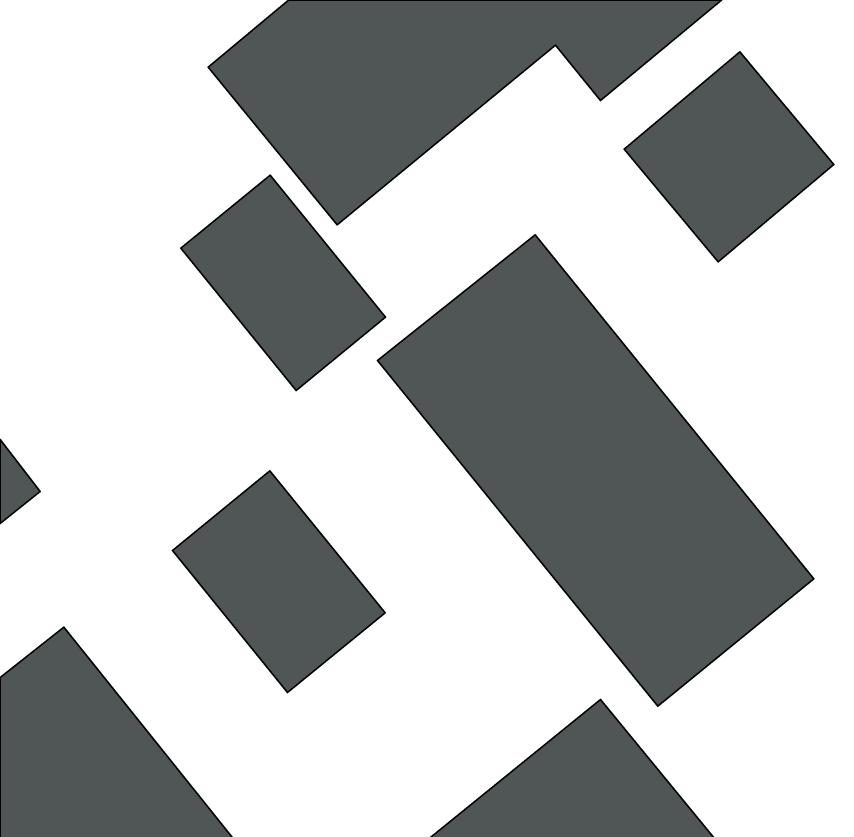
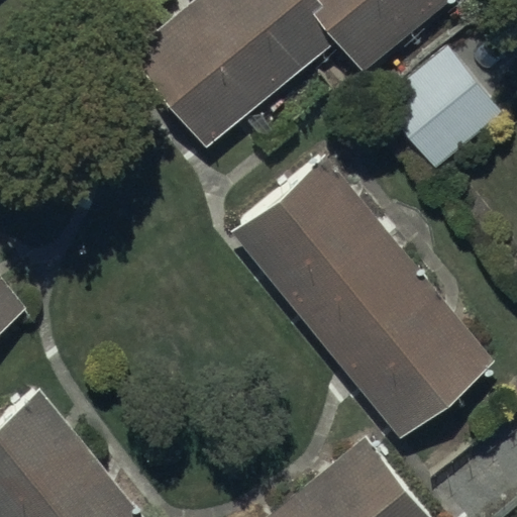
building: [181,175,386,390] -> none
building: [173,471,385,692] -> none

